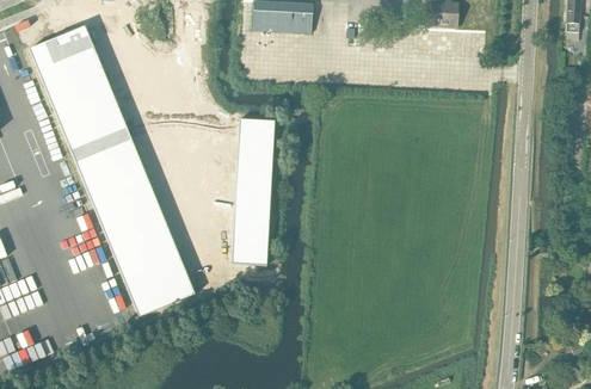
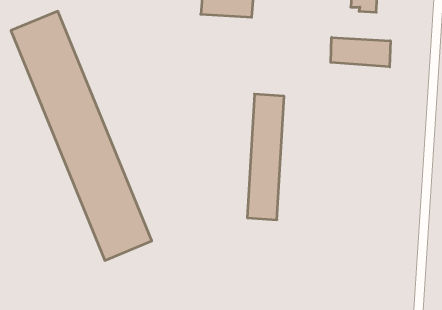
building: none -> [331,37,390,67]
building: [232,118,275,265] -> [247,94,284,220]

